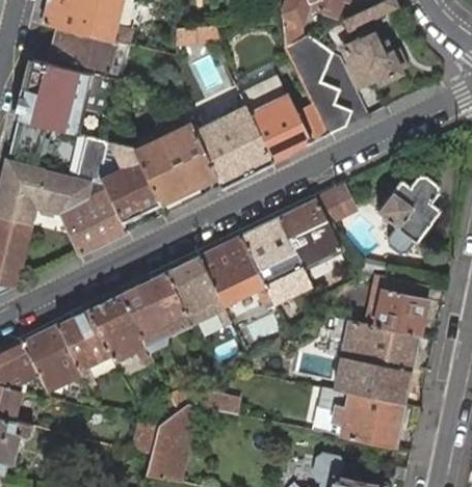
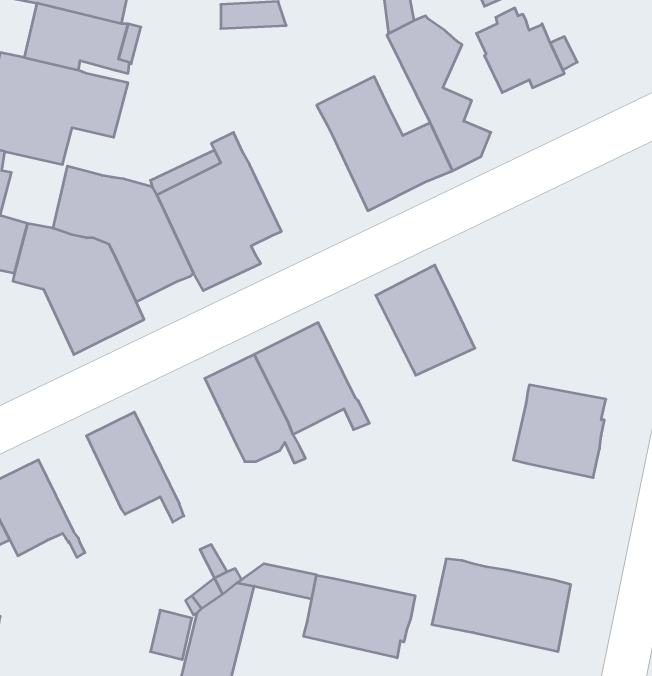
building: [195,107,272,187] -> none
building: [378,174,440,253] -> none
building: [316,183,360,223] -> none
building: [240,217,312,305] -> none
building: [121,271,192,352] -> none
building: [58,308,112,391] -> none
building: [334,321,419,405] -> none
building: none -> [304,575,415,658]

